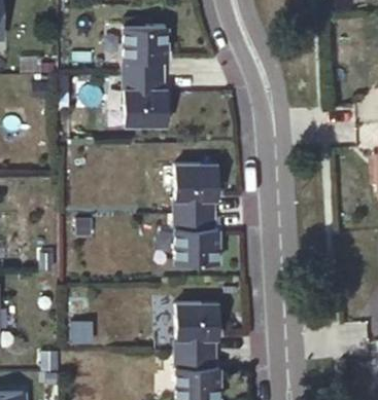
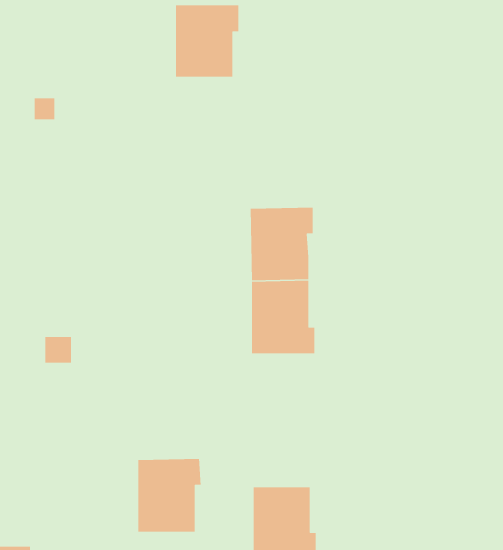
building: [124,77,167,128] -> none
building: [176,303,219,354] -> [138,458,201,532]

